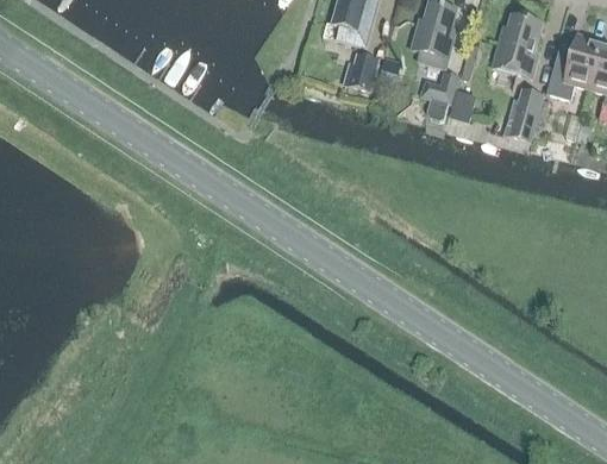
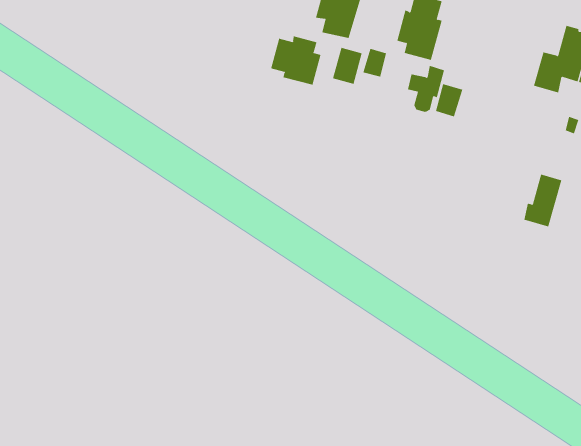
building: [492,12,540,75] -> none
building: none -> [271,36,321,86]
building: [505,87,543,139] -> [524,174,562,227]

